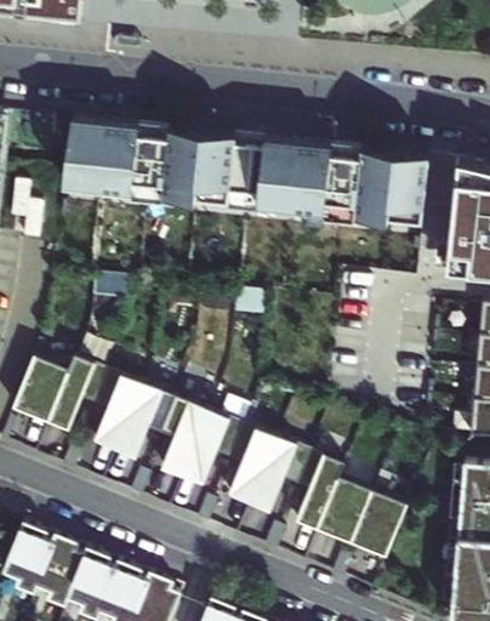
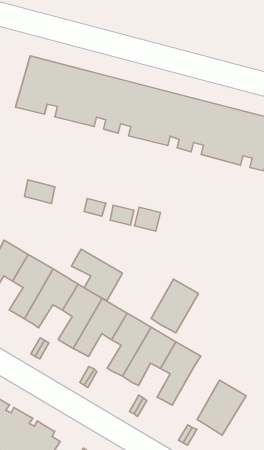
building: none -> [72,249,123,301]
building: [317,478,371,545] -> [151,279,198,333]

